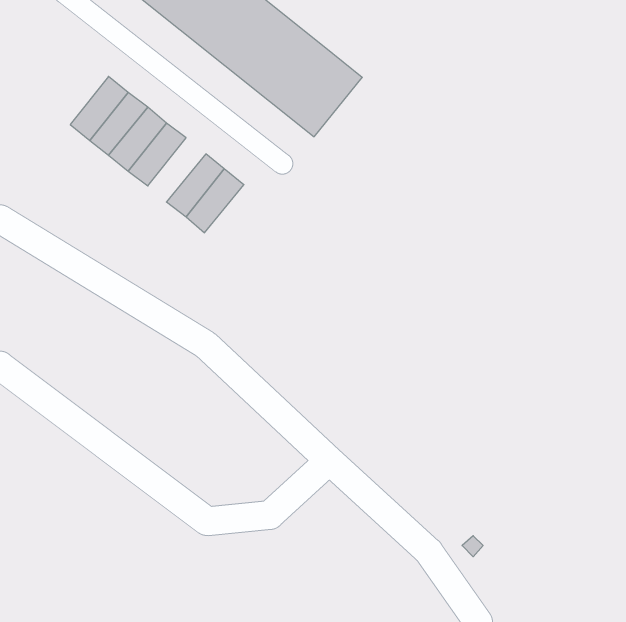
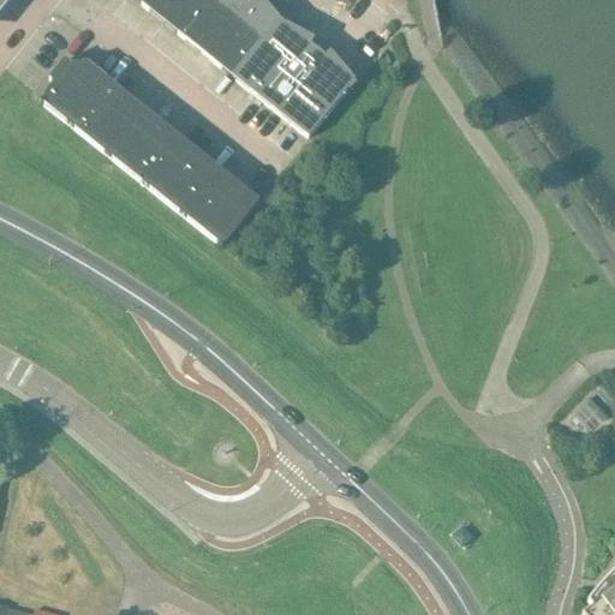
building: none -> [41,54,109,121]
building: none -> [148,135,204,197]
building: none -> [203,180,261,243]

